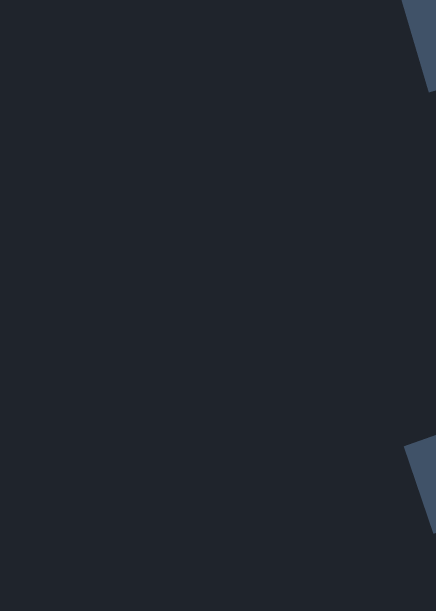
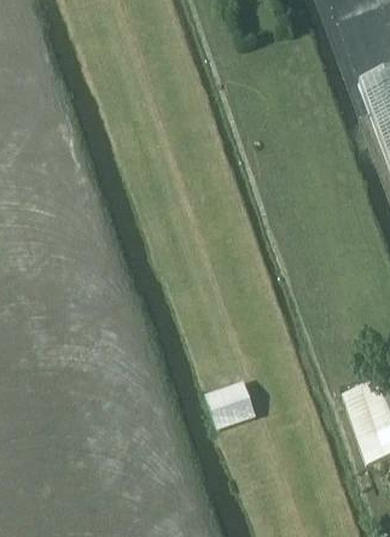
building: none -> [208,393,255,427]

